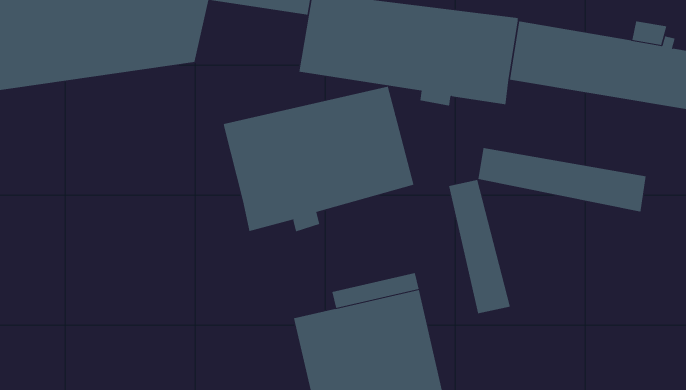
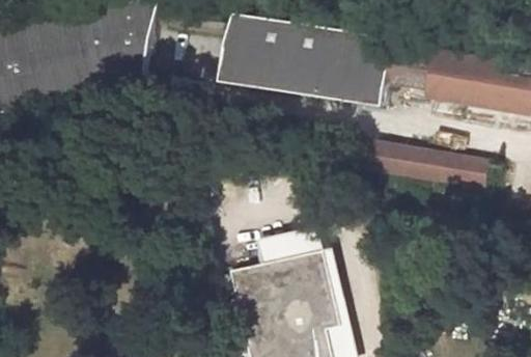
building: [223,86,414,232] -> none
building: [449,179,511,314] -> none

